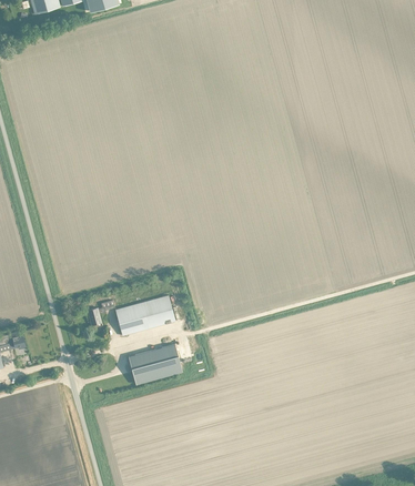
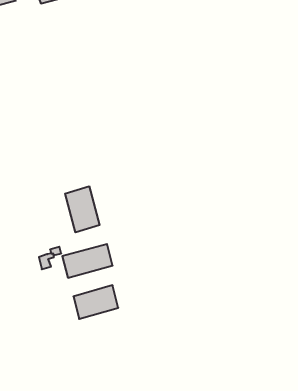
building: none -> [65,186,100,232]

